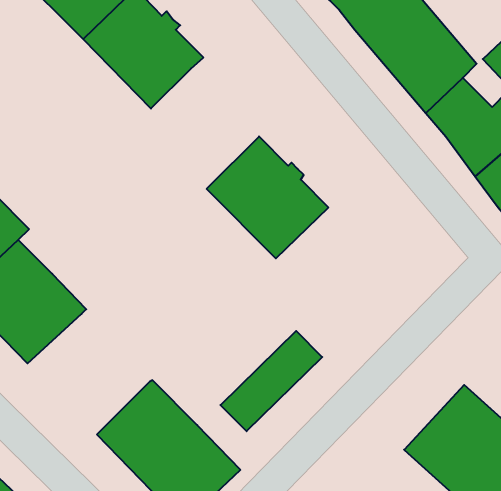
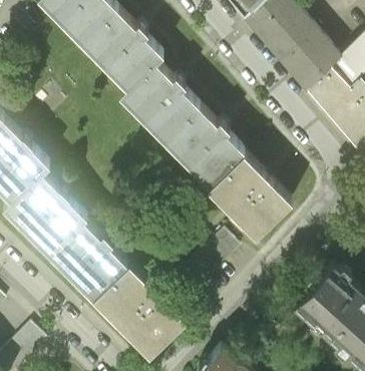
building: none -> [120,61,199,139]
building: none -> [208,151,293,237]
building: none -> [48,221,127,299]

